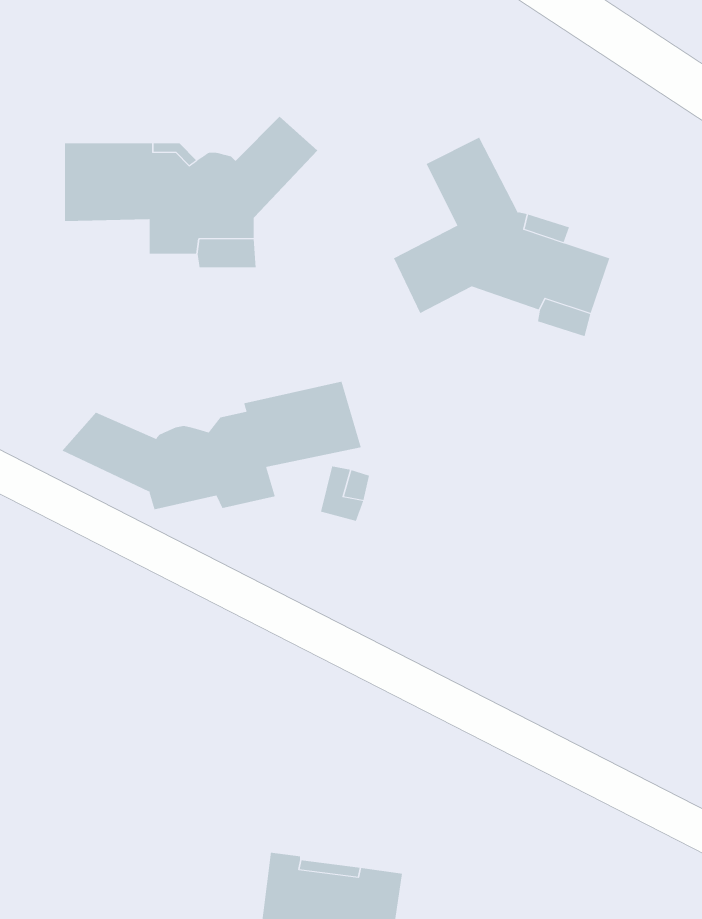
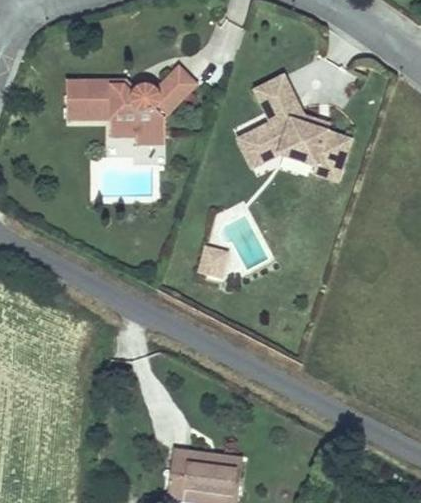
building: [62,381,361,510] -> none

